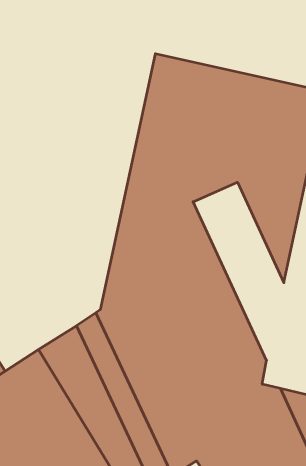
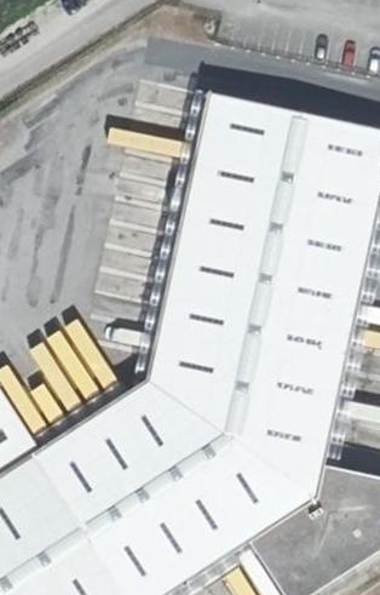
building: none -> [246,238,347,437]

